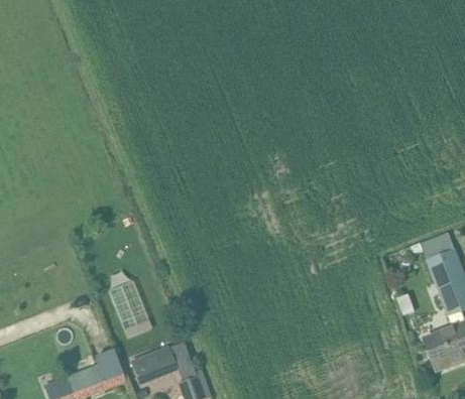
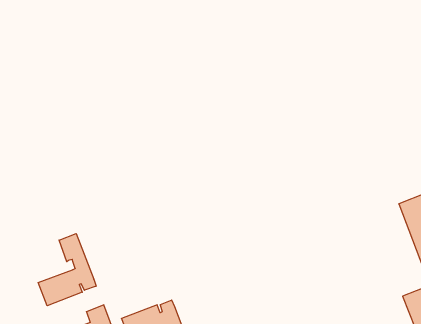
building: none -> [38,234,96,306]

